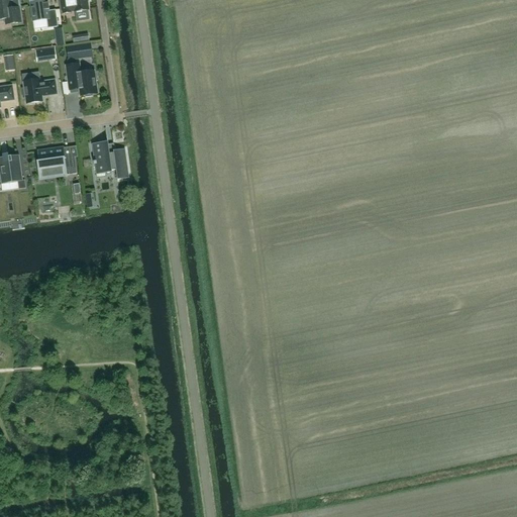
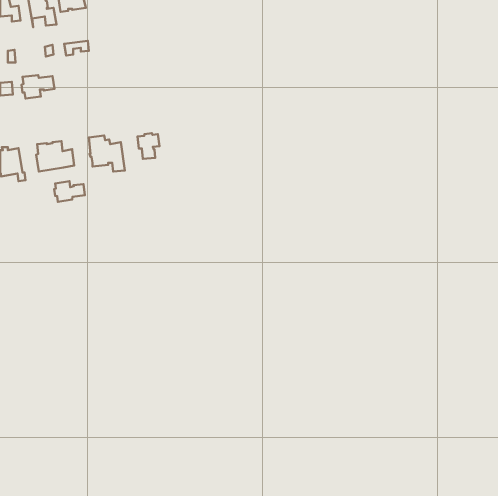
building: [66,63,98,96] -> none
building: none -> [137,133,159,159]
building: none -> [54,181,85,202]

